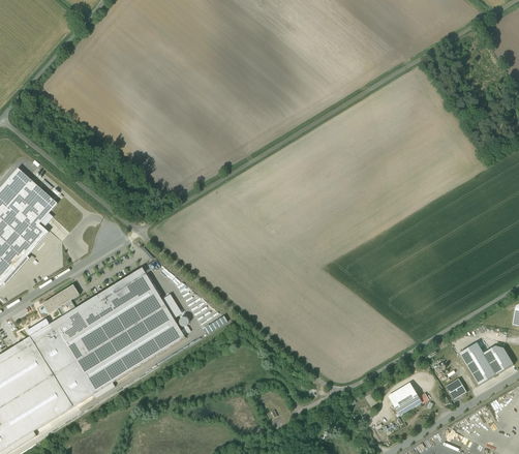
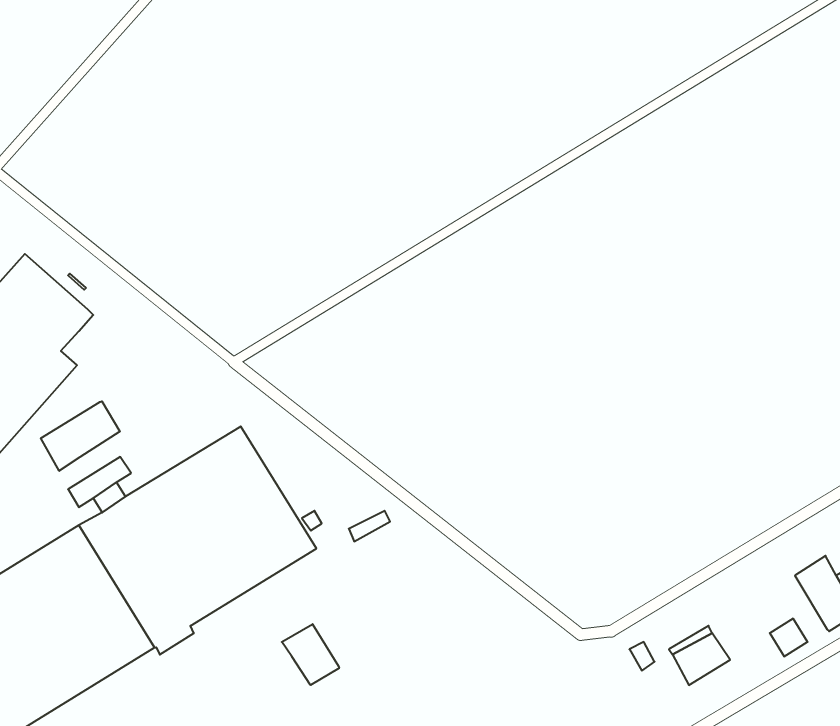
building: none -> [41,401,120,471]
building: none -> [282,624,339,685]

